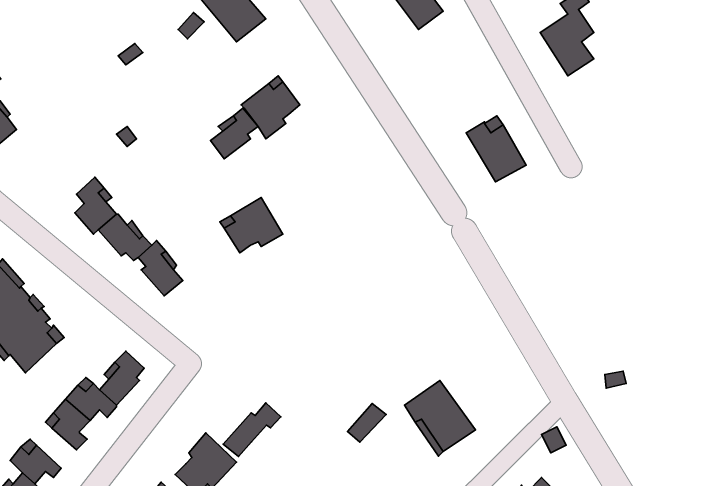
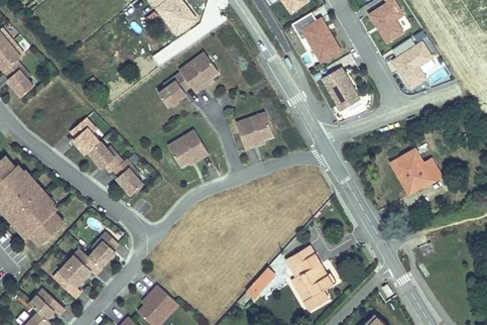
building: none -> [297,21,346,71]
building: none -> [390,41,432,87]
building: none -> [237,115,274,148]
building: none -> [398,150,448,193]
building: [223,403,281,457] -> none

